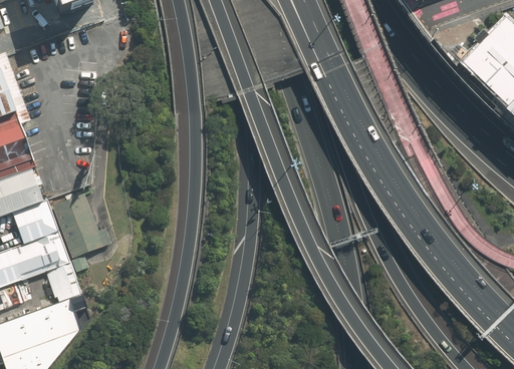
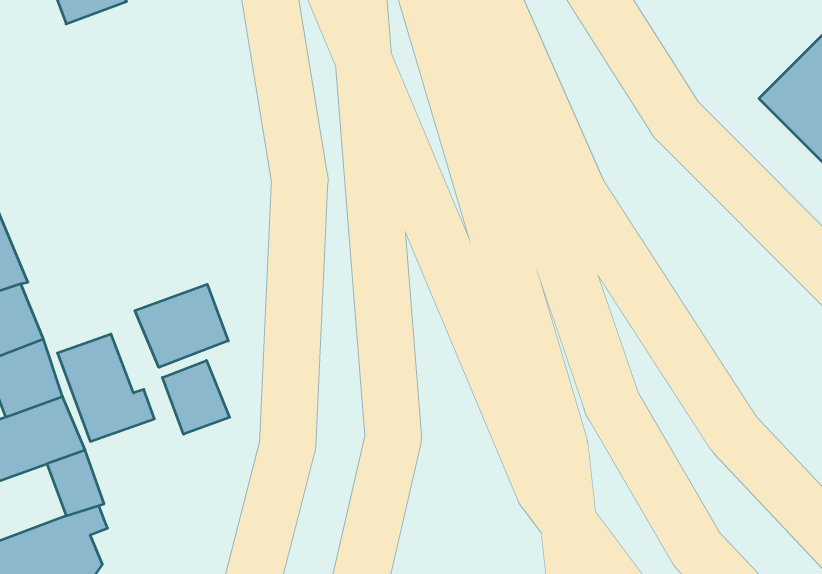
building: none -> [135,284,228,367]
building: none -> [162,360,230,434]

